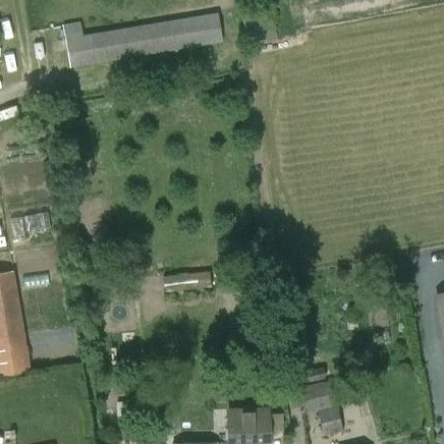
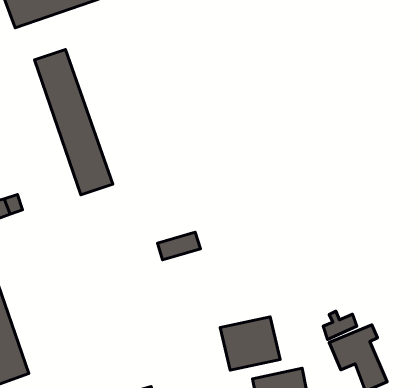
building: none -> [34,50,113,195]
building: none -> [220,317,280,370]

